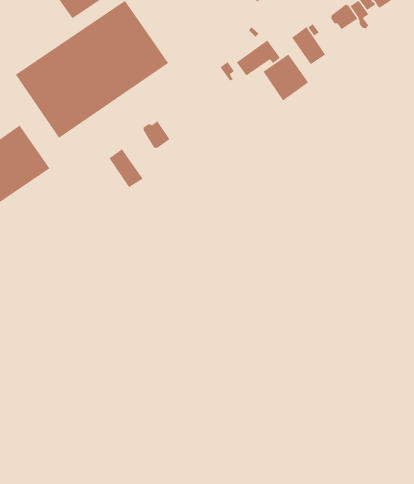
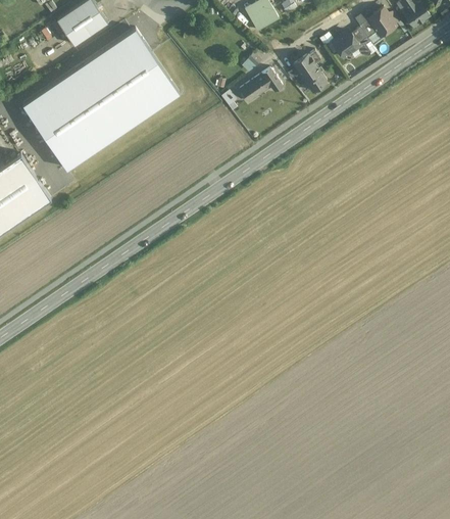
building: [263,54,309,101] -> none
building: [143,120,170,149] -> none
building: [108,148,143,188] -> none

